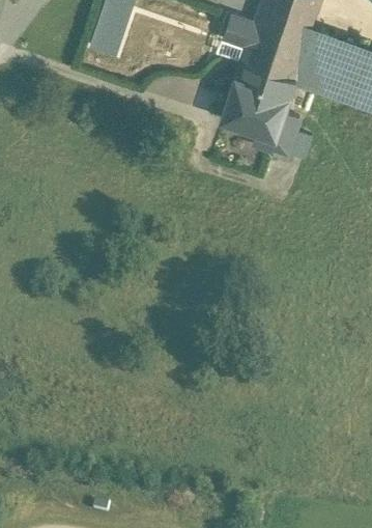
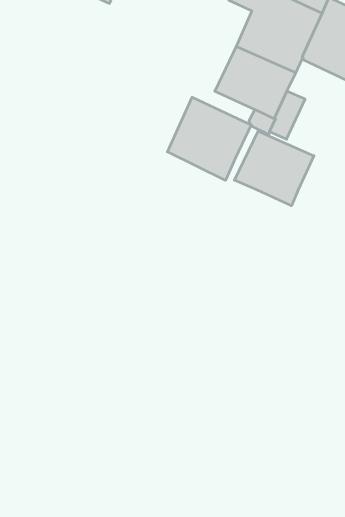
building: none -> [167,97,251,180]
building: none -> [234,131,314,206]

